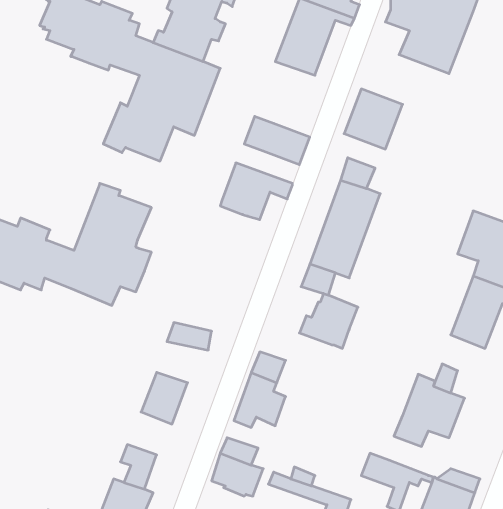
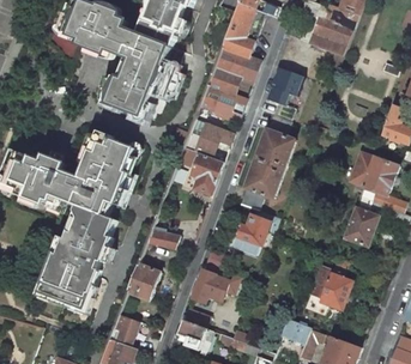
building: none -> [206,46,259,98]
building: none -> [179,146,222,193]
building: none -> [42,204,116,307]

